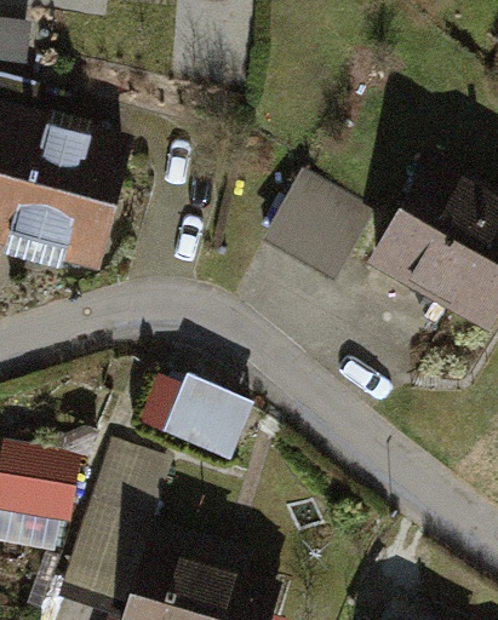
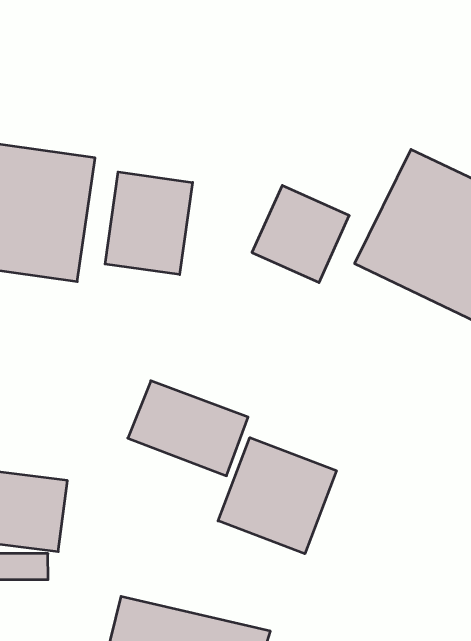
building: none -> [105,172,193,275]
building: none -> [218,438,336,554]
building: [87,450,168,553] -> none

